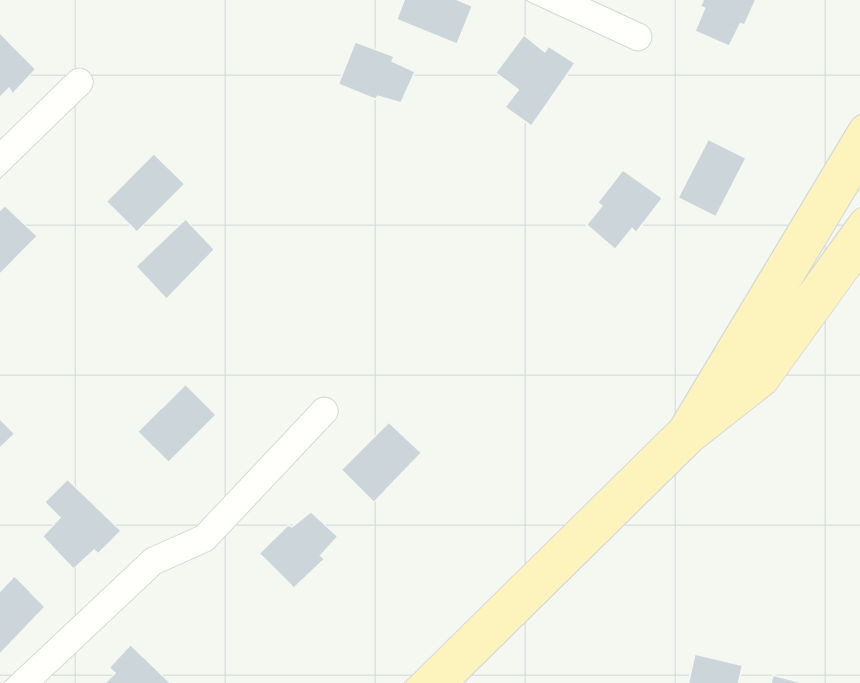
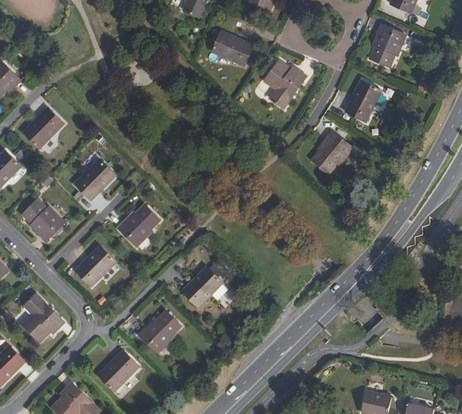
building: [338,42,415,103] -> none
building: [678,139,746,217] -> [343,81,379,122]
building: [106,154,184,232] -> [26,105,67,146]
building: none -> [22,200,63,241]
building: none -> [118,203,160,245]
building: none -> [98,350,139,390]

